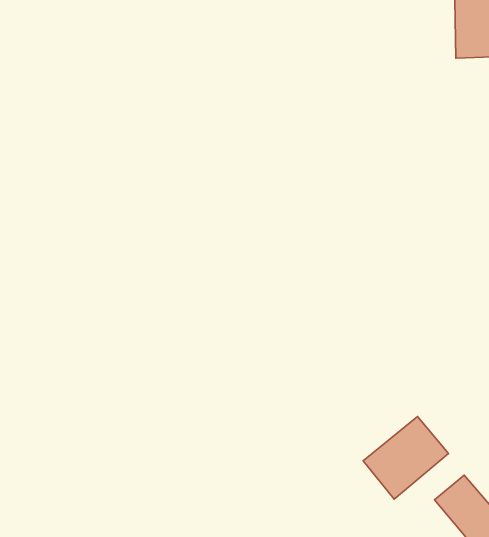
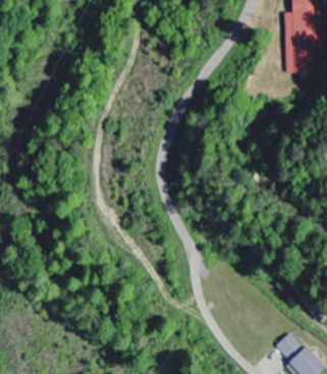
building: [363,417,449,499] -> none

